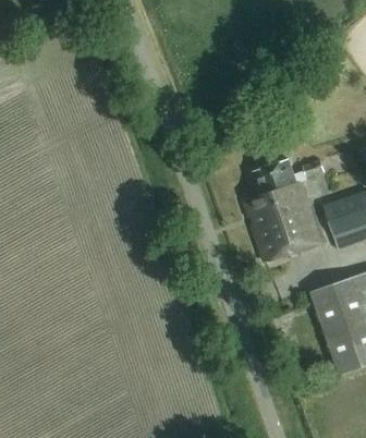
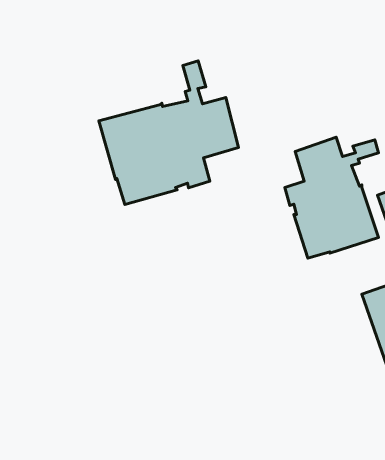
building: none -> [99,61,239,204]

